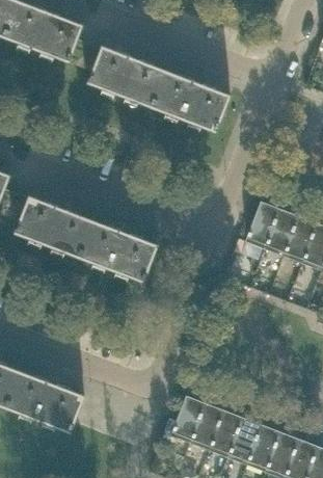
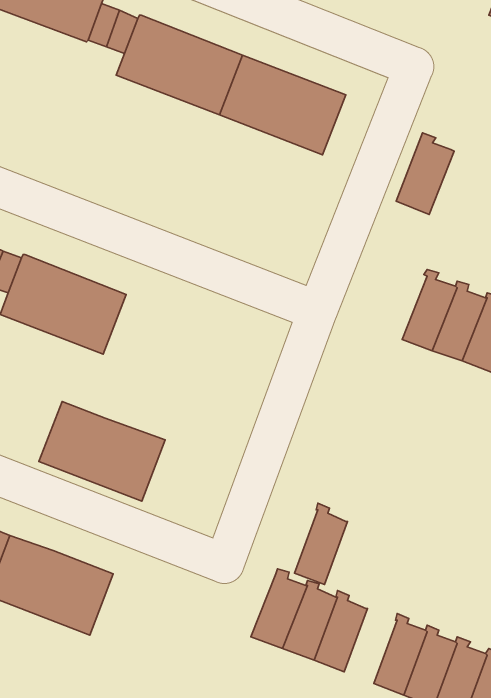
building: [245,198,281,249] -> [396,133,454,214]
building: [79,221,158,284] -> [39,402,165,501]
building: [230,414,263,464] -> [294,503,348,585]

